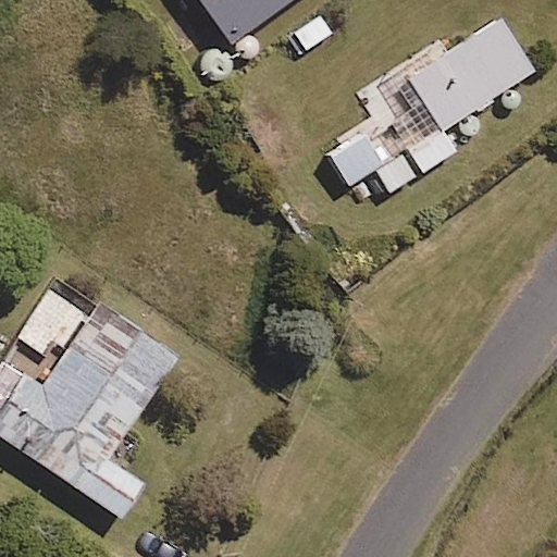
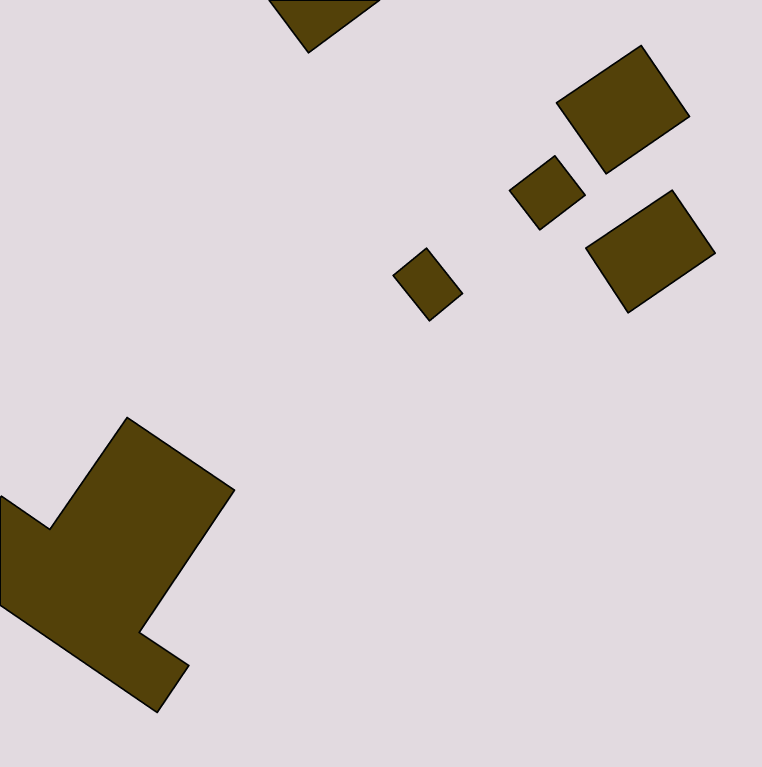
building: none -> [586,190,715,313]

